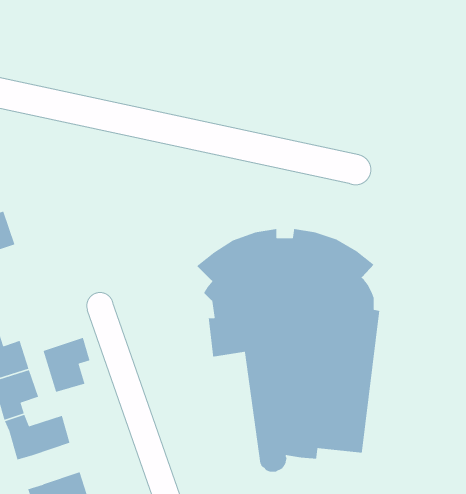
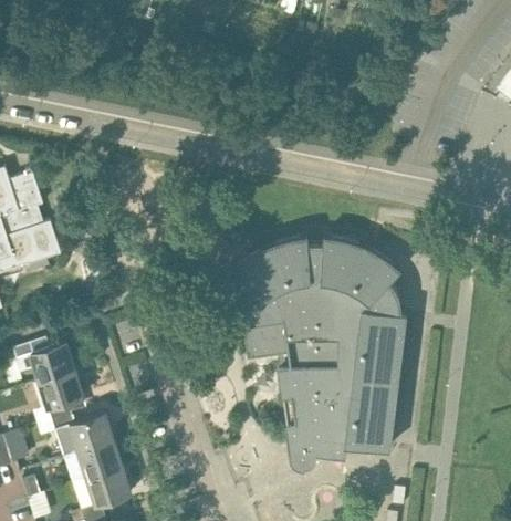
building: [42,337,91,393] -> none
building: none -> [79,440,123,479]

